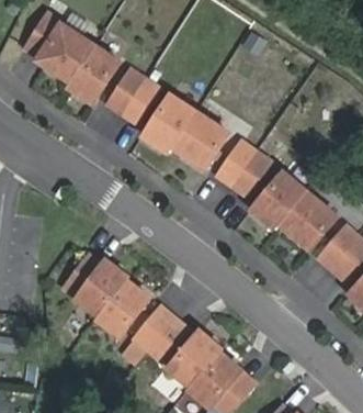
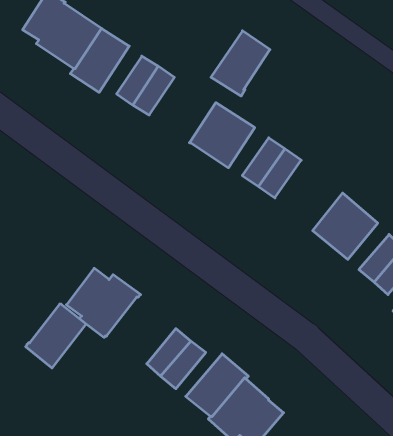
building: [140,93,192,150] -> [211,31,270,96]
building: [249,170,303,227] -> none
building: [93,280,146,336] -> [26,304,86,368]

